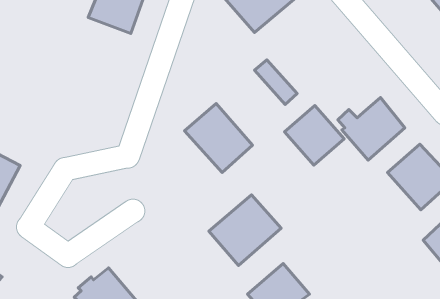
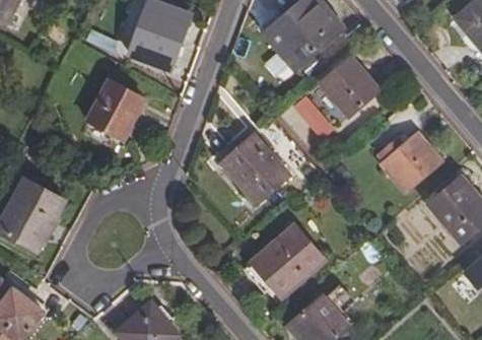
building: none -> [83,79,143,141]
building: [284,105,344,165] -> [325,58,385,118]

